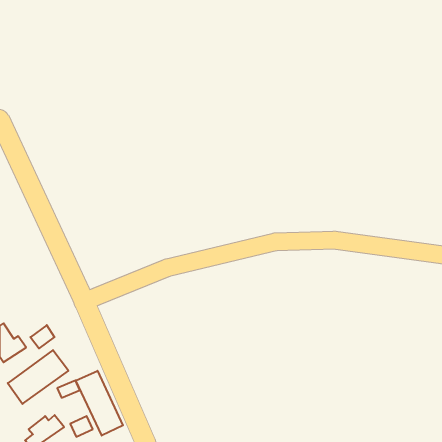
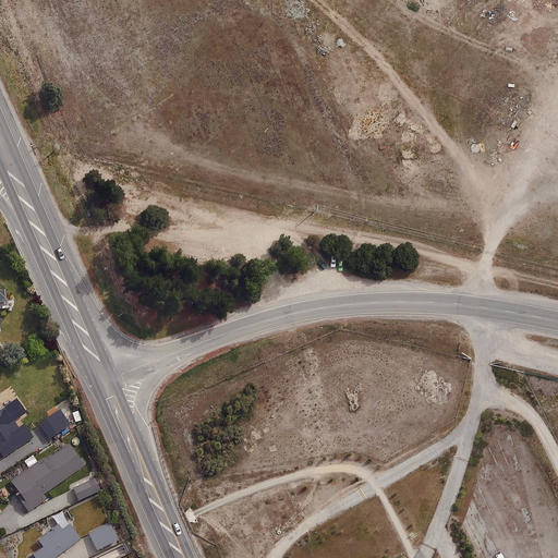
building: [76,371,123,436] -> none

